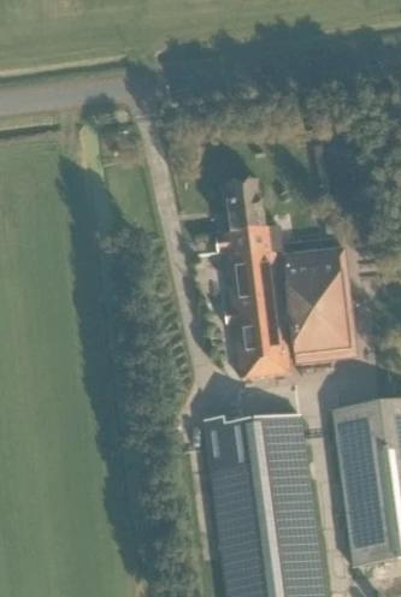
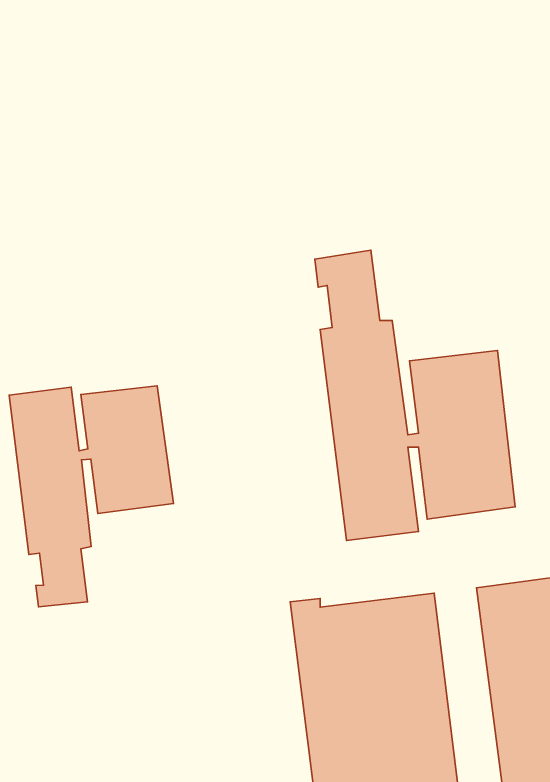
building: none -> [9,386,174,607]

